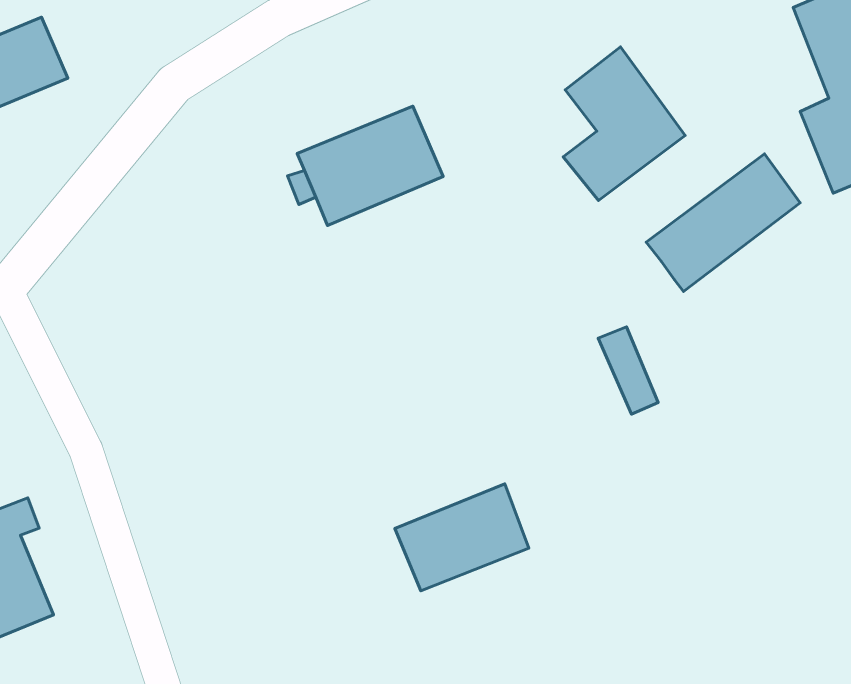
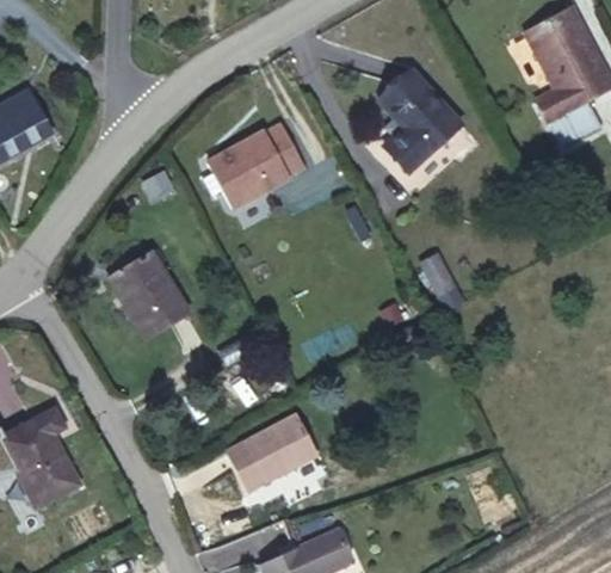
building: [646,154,800,292] -> none
building: none -> [109,251,190,339]
building: [395,484,529,591] -> [227,414,316,491]

